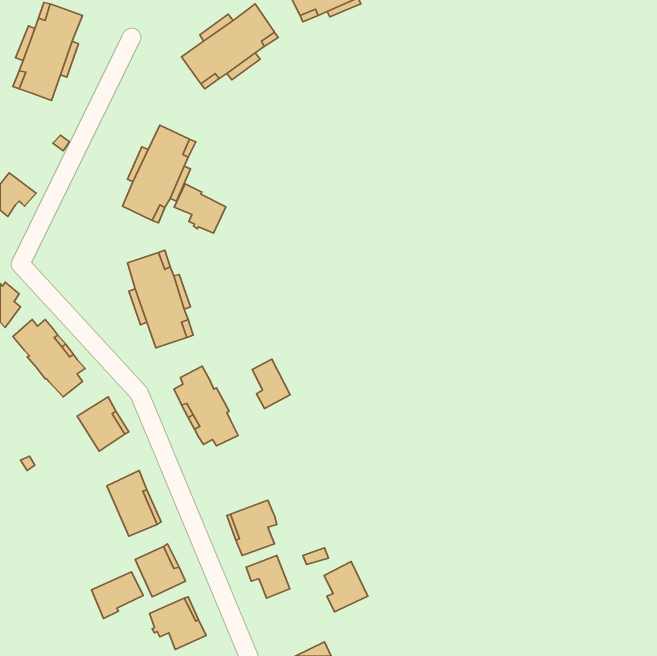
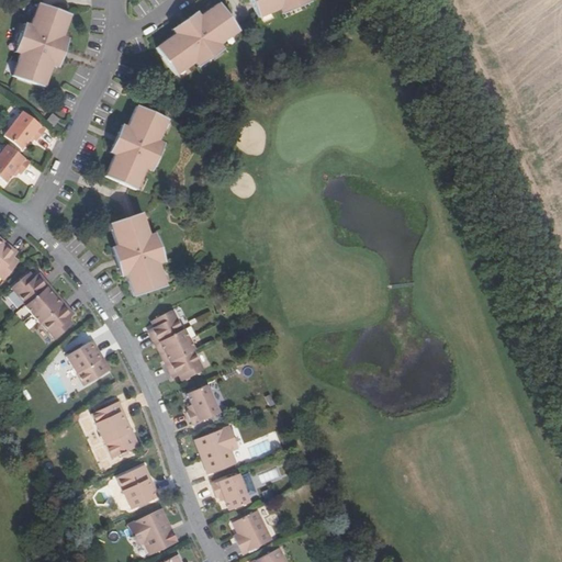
building: none -> [5,113,47,150]
building: [174,184,226,233] -> none
building: [252,359,290,408] -> none
building: none -> [188,386,220,425]
building: [324,561,368,612] -> [233,509,270,552]
building: [92,572,143,619] -> none

